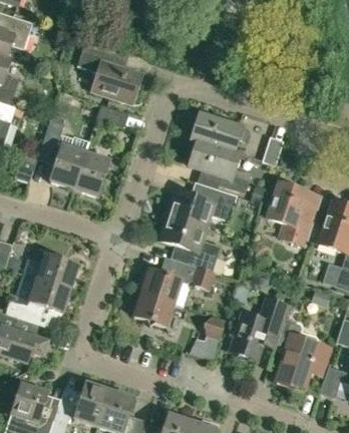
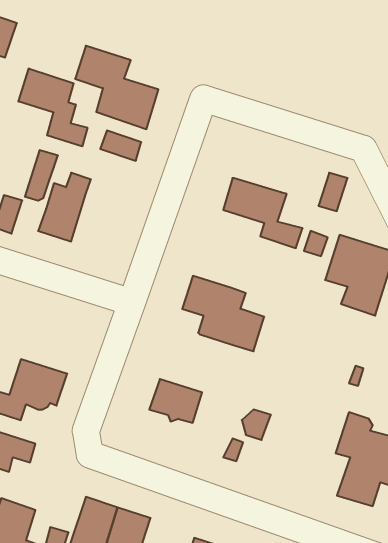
building: none -> [18,68,87,146]
building: [192,112,249,150] -> none
building: [74,151,110,195] -> none
building: [166,180,237,227] -> none
building: [33,248,78,288] -> none
building: [141,258,216,305] -> none
building: [229,298,289,359] -> none

